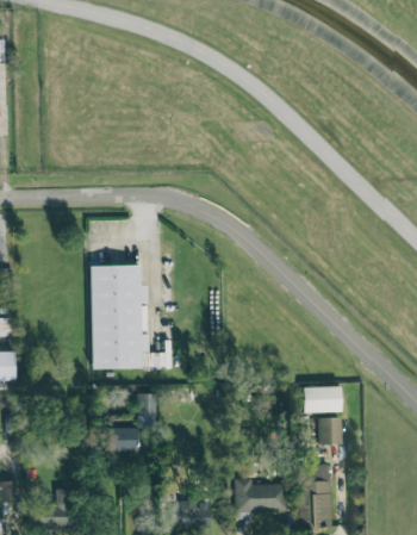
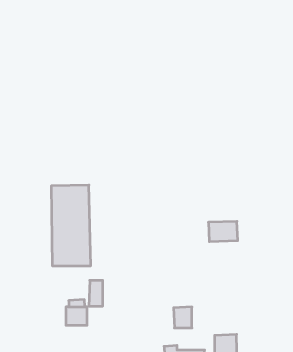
building: [304,385,342,411] -> [208,221,238,242]
building: [318,416,342,443] -> [174,307,192,328]

